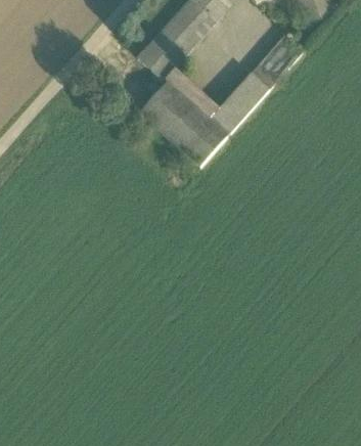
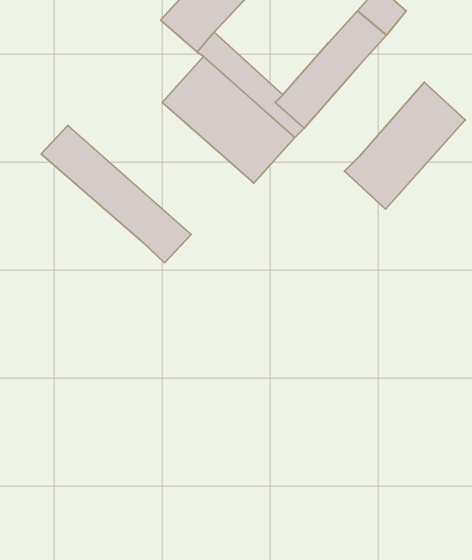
building: none -> [344,82,465,209]
building: none -> [41,125,191,263]

